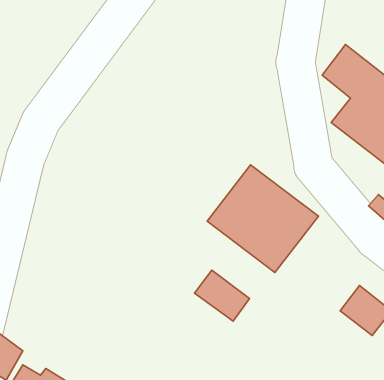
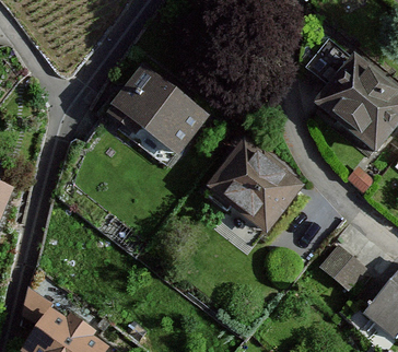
building: none -> [108,67,207,156]
building: [194,270,249,321] -> none

